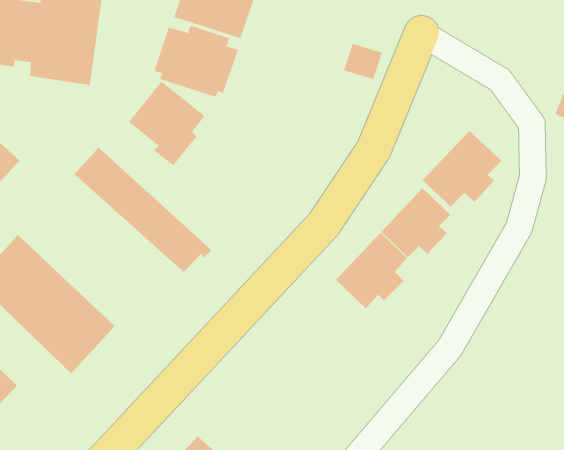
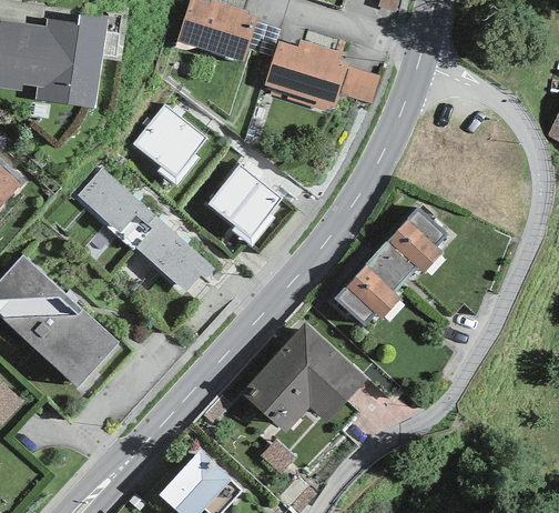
building: [153,25,239,97] -> [264,39,347,110]
building: [422,130,502,207] -> none
building: none -> [206,162,282,245]
building: none -> [240,322,367,433]

